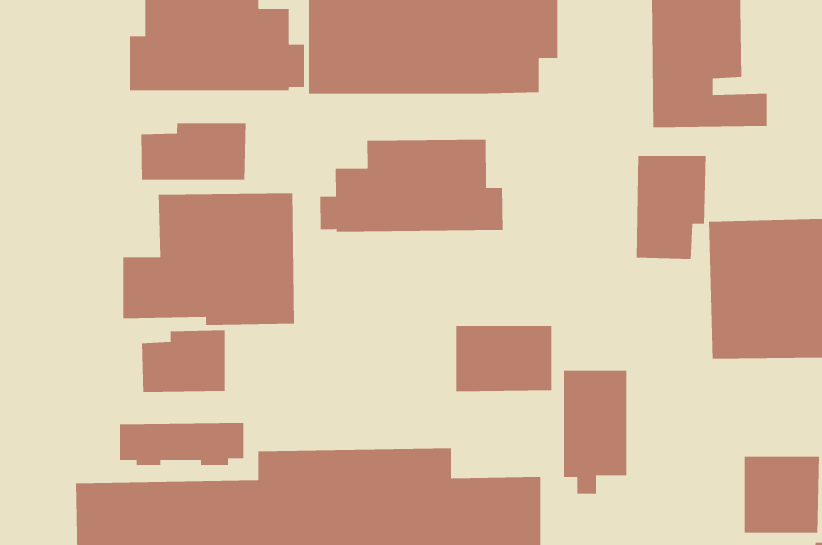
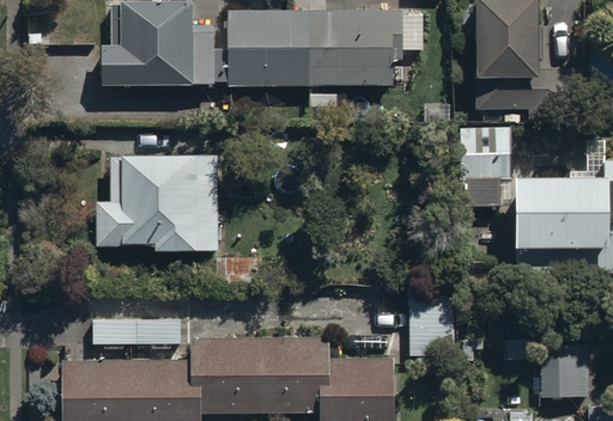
building: [140,122,246,180] -> none
building: [319,139,503,233] -> none
building: [455,325,552,392] -> none
building: [141,329,226,393] -> none

